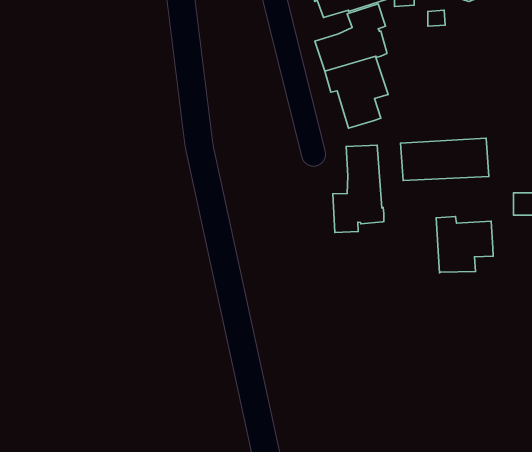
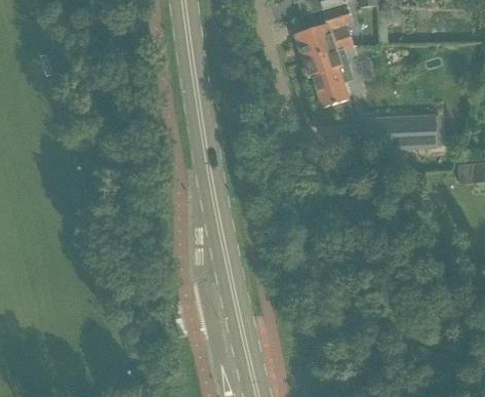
building: [333,145,384,232] -> none
building: [436,217,493,273] -> none

